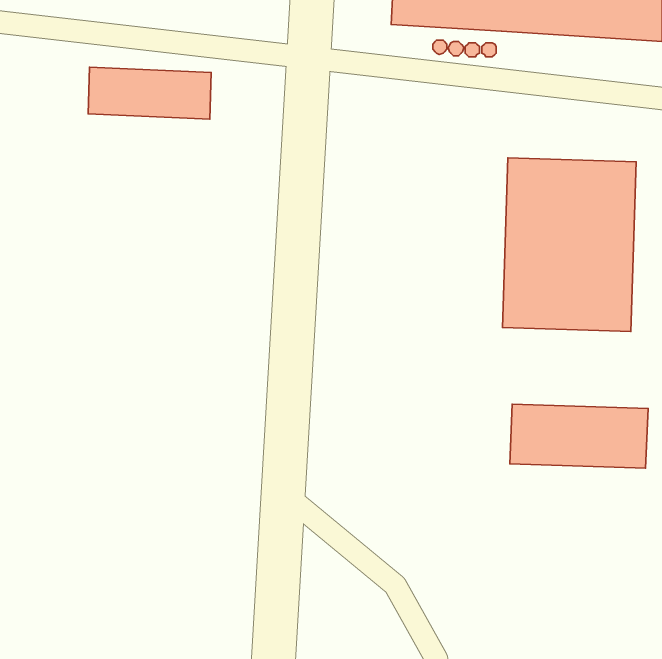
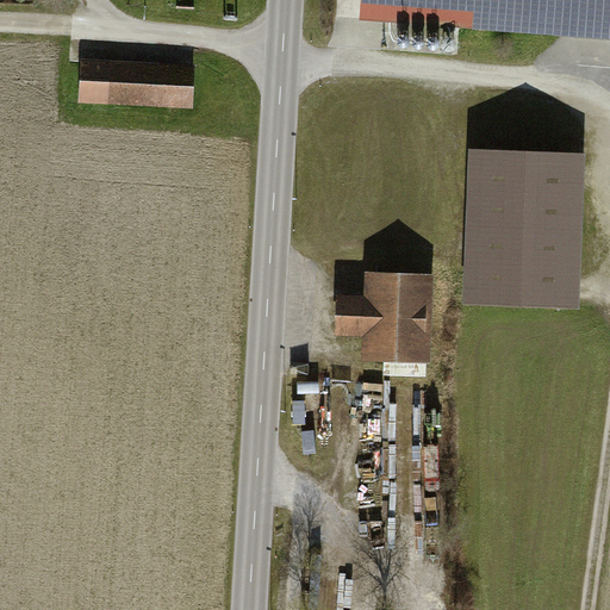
building: none -> [331,270,436,363]
building: [510,404,648,468] -> none

